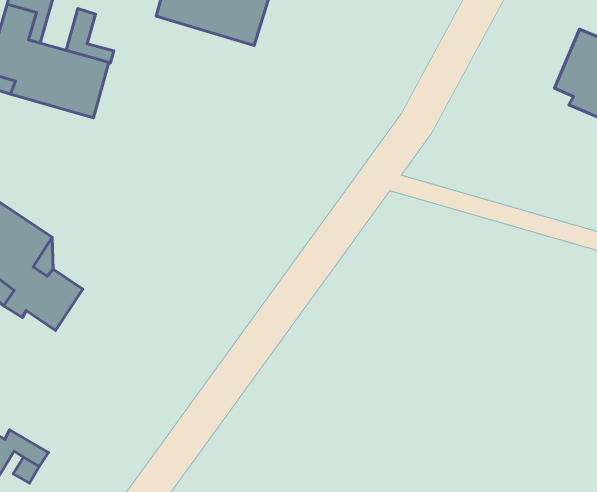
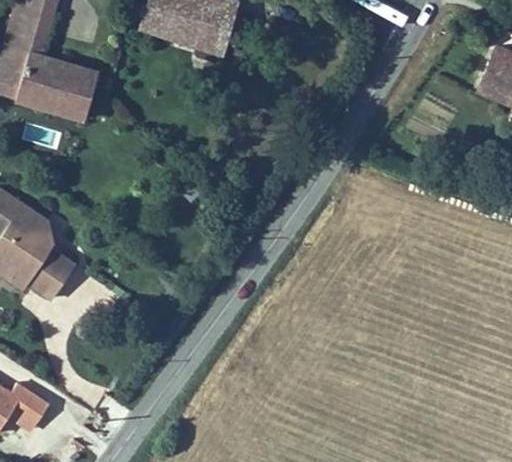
building: [66,9,114,63] -> none

